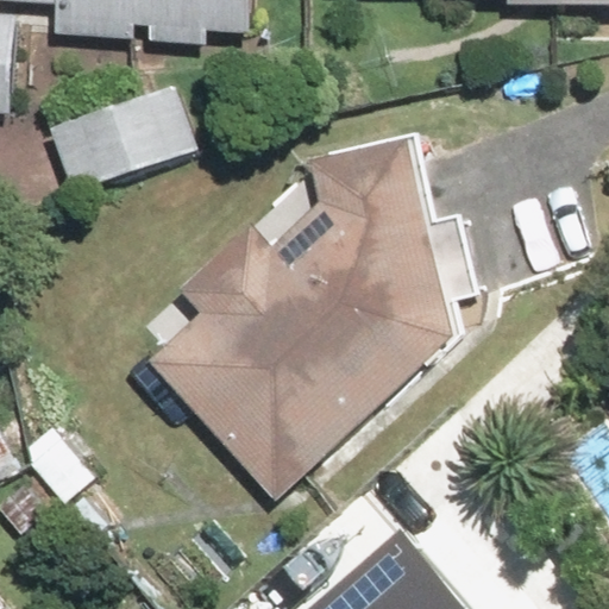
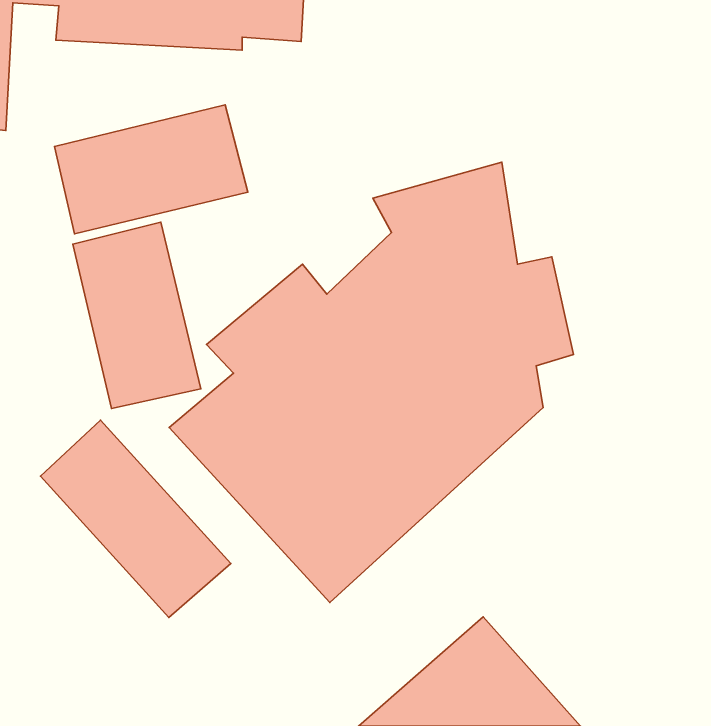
building: none -> [73,222,201,408]
building: none -> [41,420,231,618]

